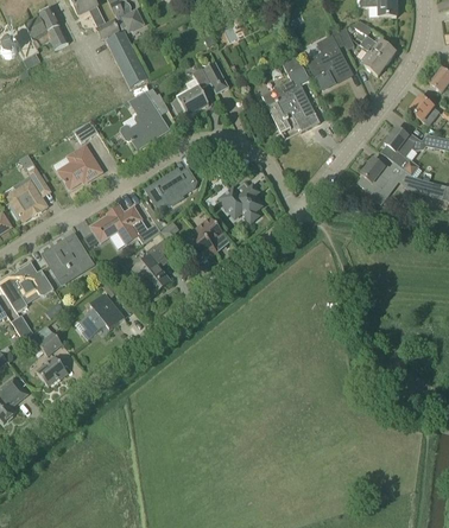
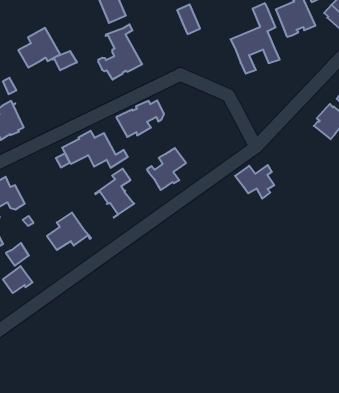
building: [172,69,209,116] -> none
building: [57,145,102,189] -> [18,28,60,67]
building: [219,185,261,222] -> [235,165,274,199]
building: [43,238,93,279] -> none

